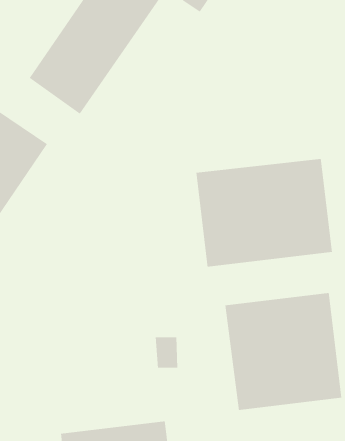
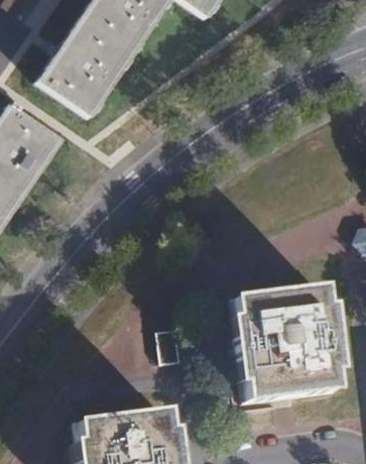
building: [196,158,332,267] -> none

